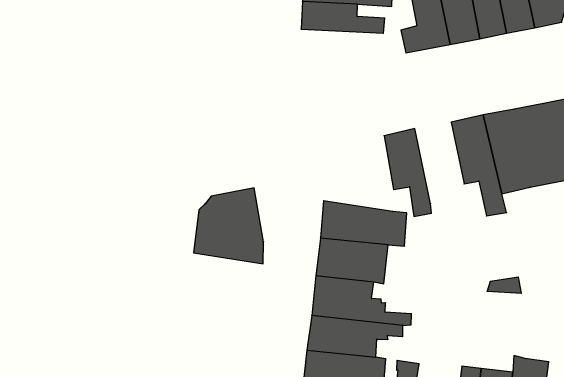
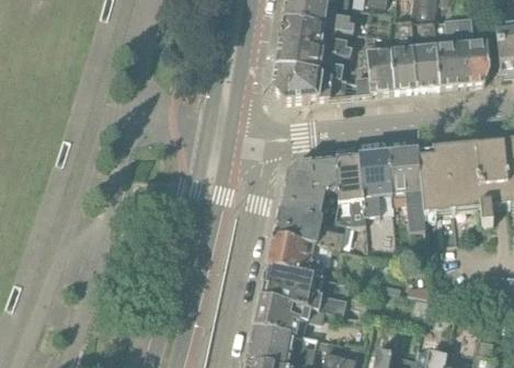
building: none -> [272,66,346,101]
building: none -> [358,152,395,216]
building: [194,188,264,264] -> [279,158,336,219]

